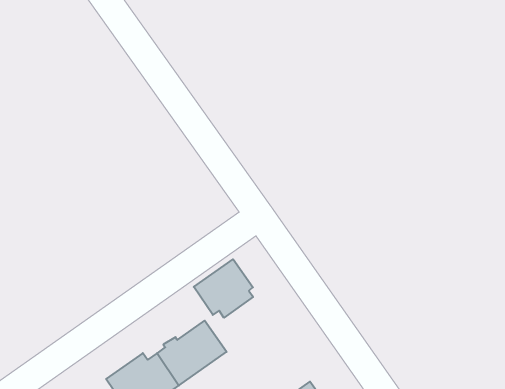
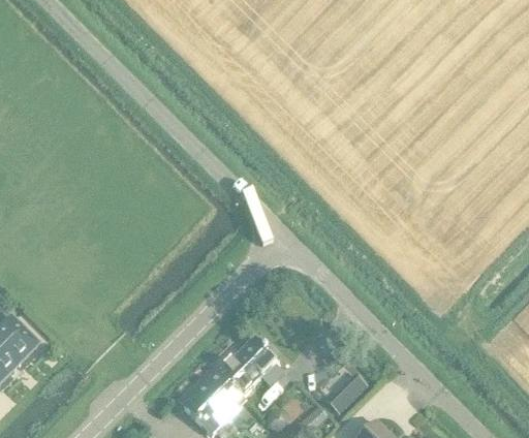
building: [194,259,253,318] -> none

